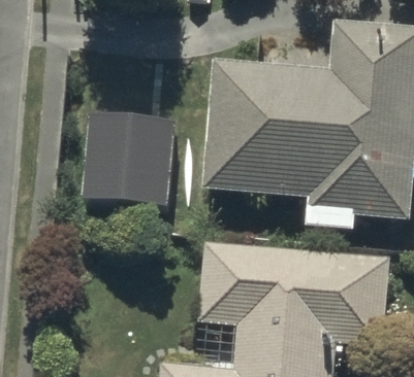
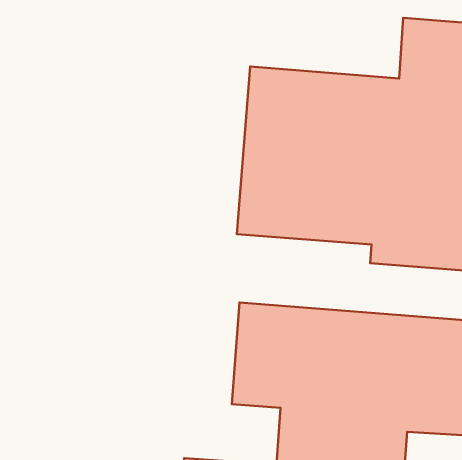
building: [82,113,174,204] -> none

